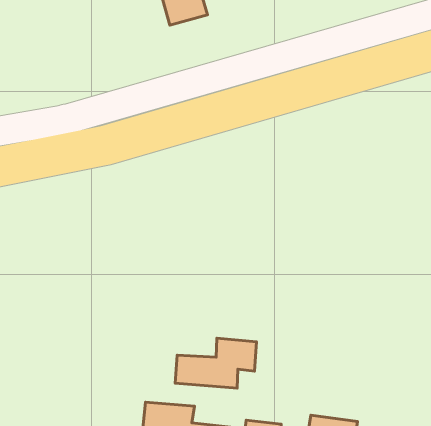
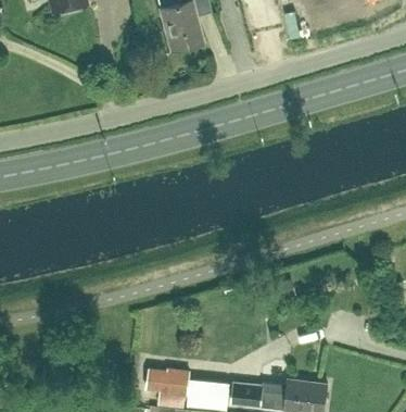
building: [175,338,257,388] -> none

